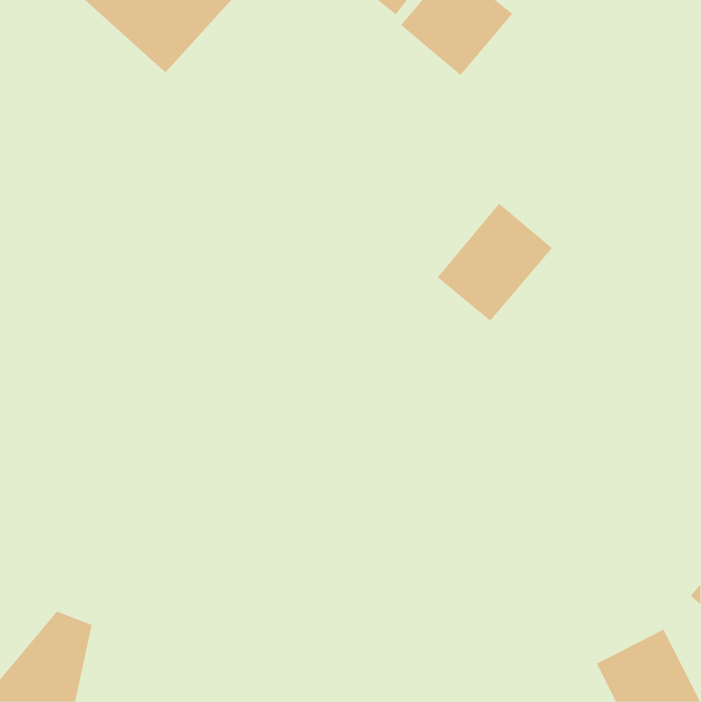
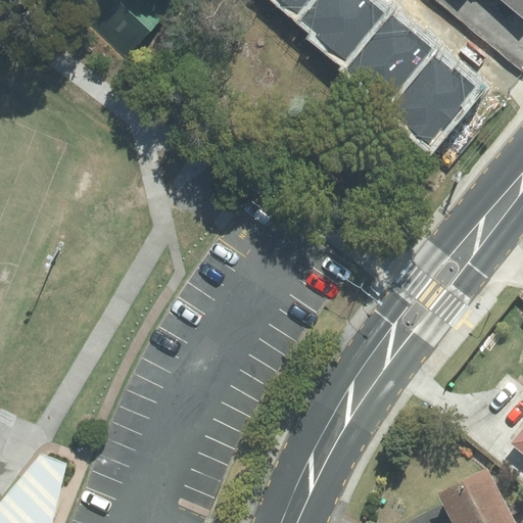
building: none -> [342,13,429,101]
building: [437,203,553,321] -> [386,52,472,140]

